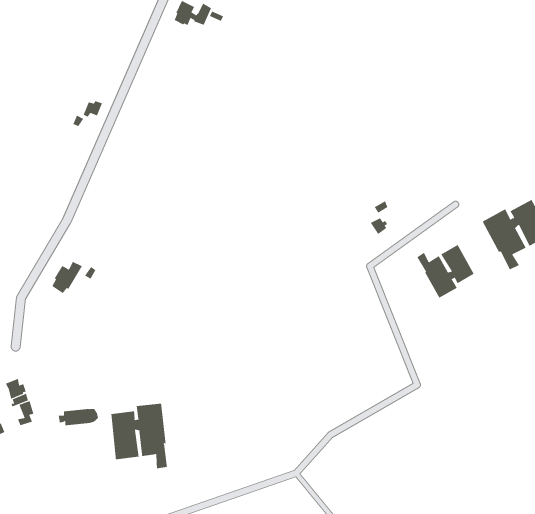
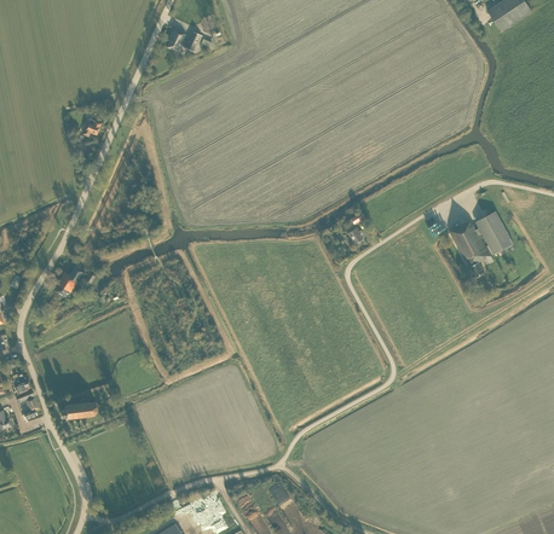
building: [416,244,474,298] -> none
building: [111,403,168,469] -> none

